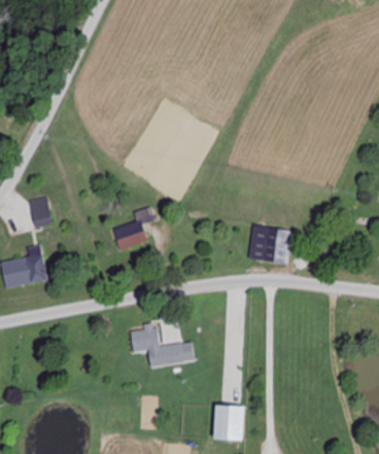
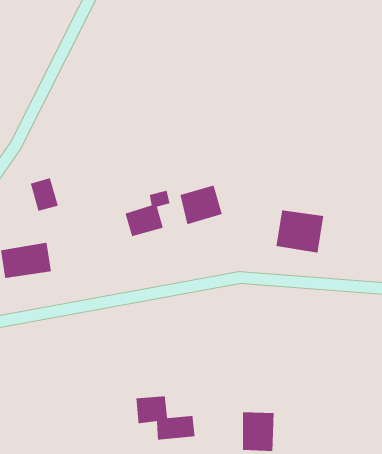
building: none -> [180,185,223,225]
building: [131,326,184,366] -> [135,395,195,440]

